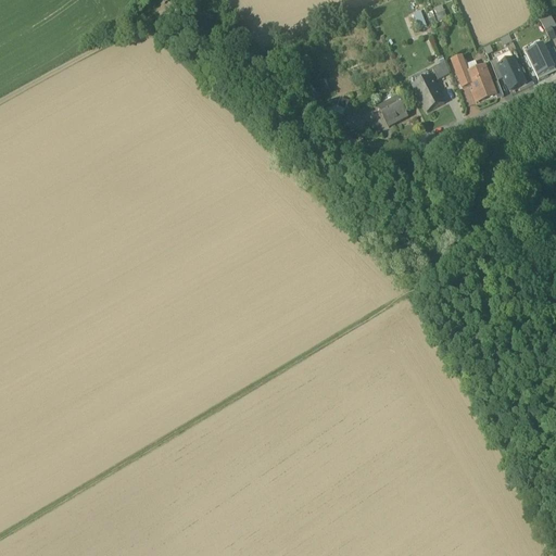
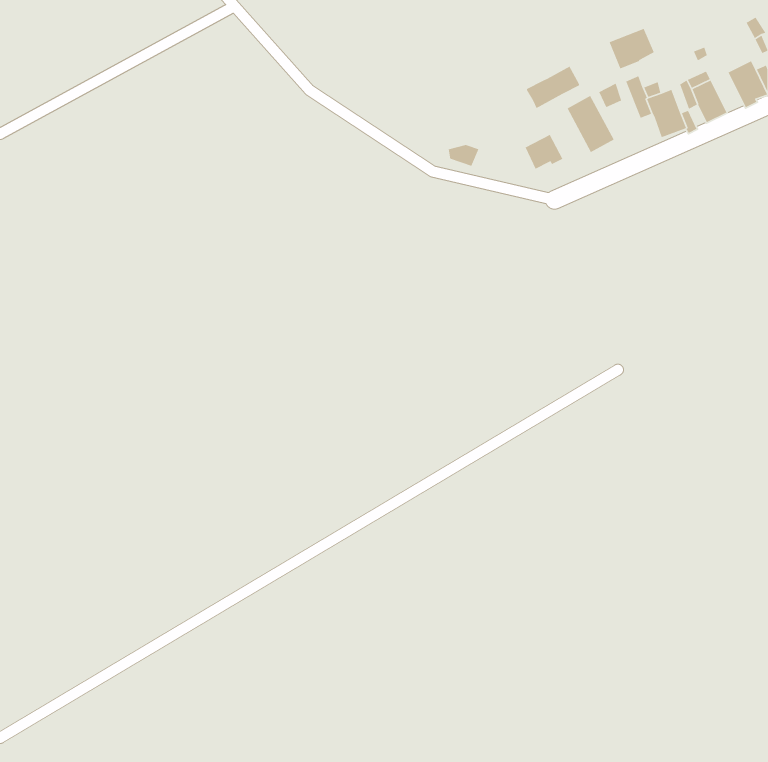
building: none -> [609,28,655,69]
building: none -> [526,65,580,109]

